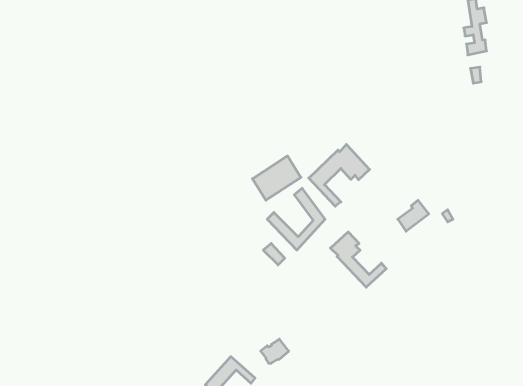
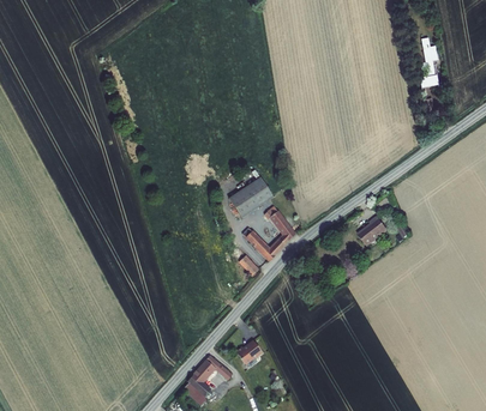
building: [309,144,370,206] -> none
building: [330,232,386,287] -> none

